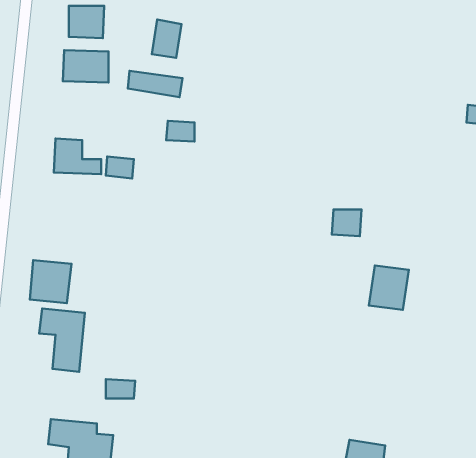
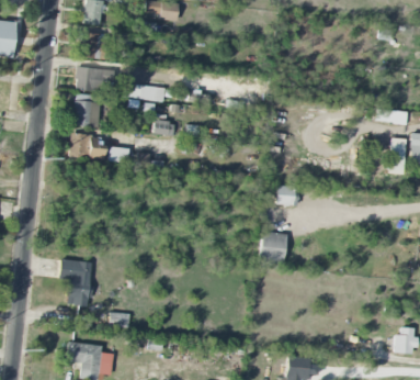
building: [152,20,181,58] -> none
building: none -> [75,94,100,126]
building: [30,260,72,303] -> none
building: [369,266,409,310] -> [259,231,288,264]

